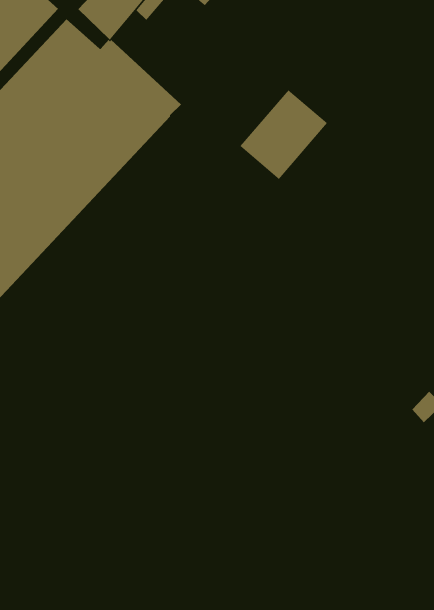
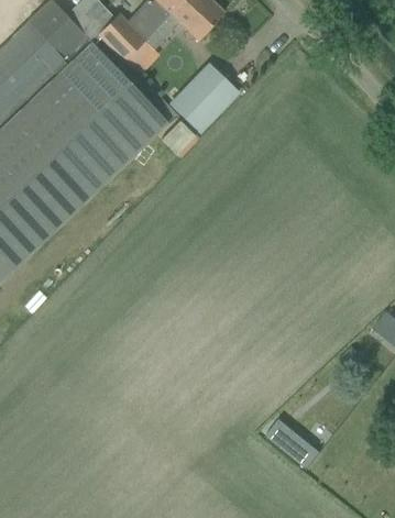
building: [239,89,328,180] -> [169,64,238,132]
building: none -> [264,418,319,469]

